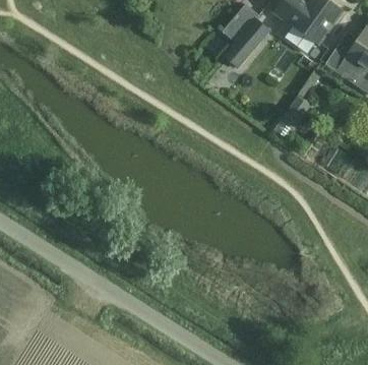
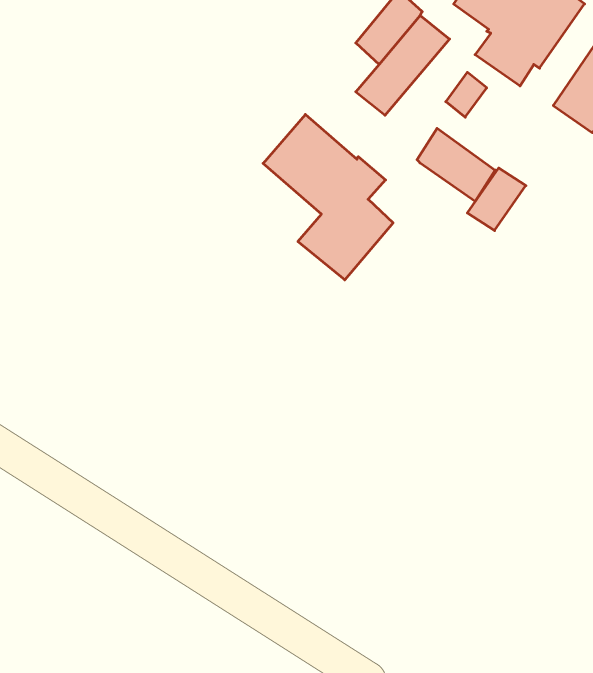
building: none -> [263,114,393,280]
building: none -> [417,128,495,201]

